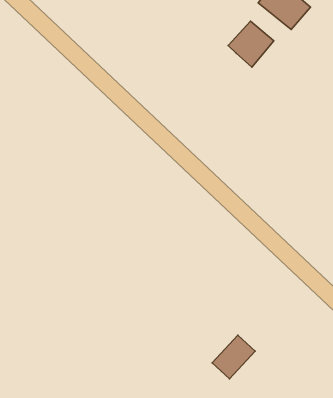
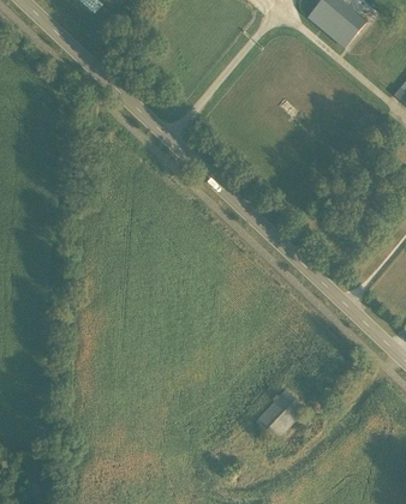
building: [228,21,274,67] -> none

